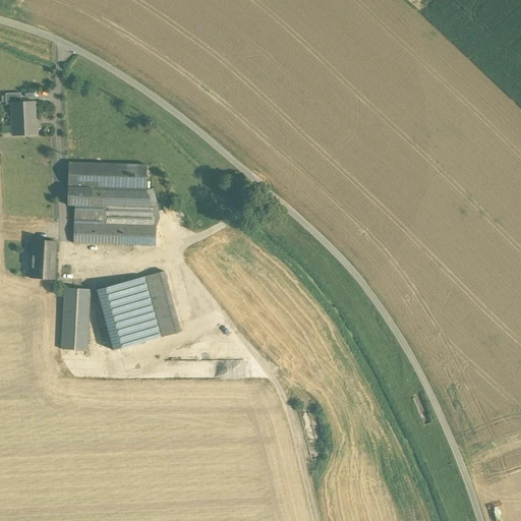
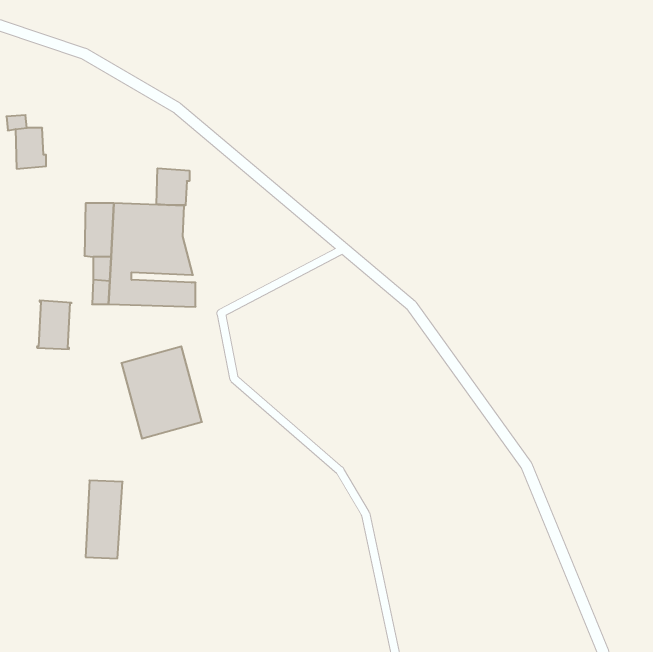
building: none -> [156,168,189,205]
building: [144,270,181,336] -> none
building: [61,287,91,349] -> [86,480,123,558]

